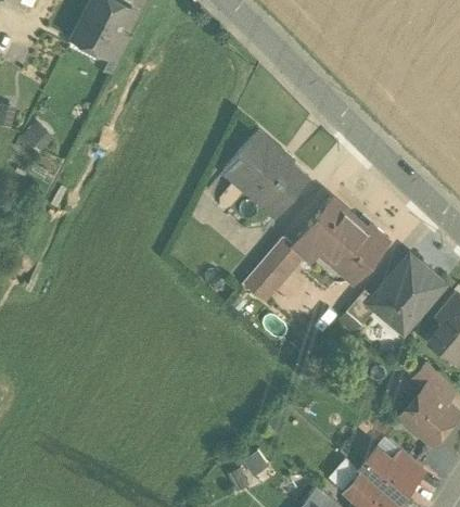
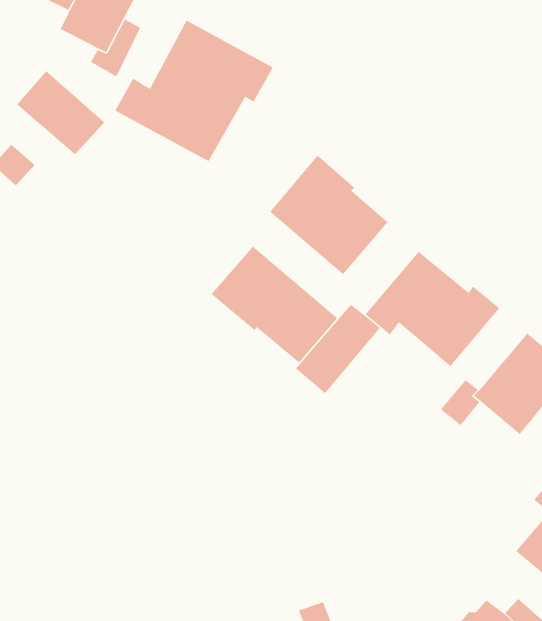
building: none -> [114,19,274,162]
building: none -> [16,70,105,155]
building: none -> [211,246,338,364]

